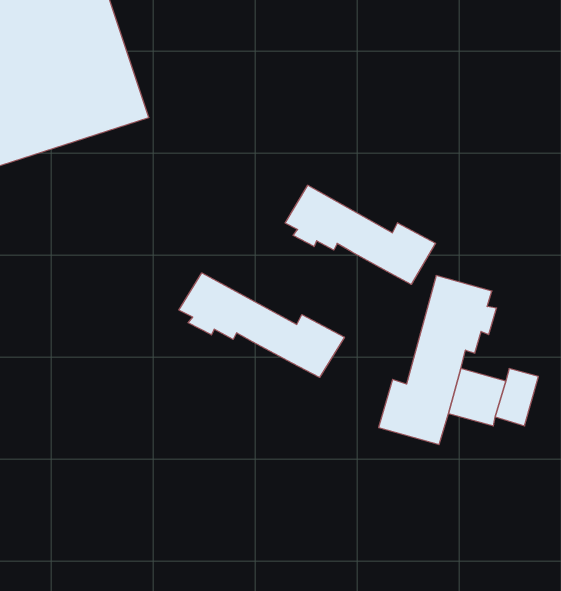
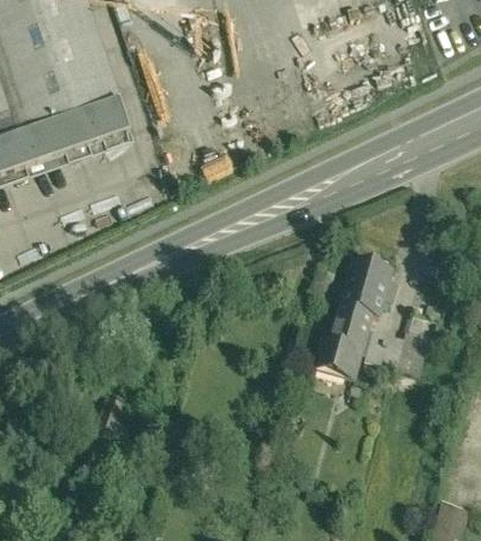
building: [285,185,436,284] -> none
building: [179,273,344,377] -> none

